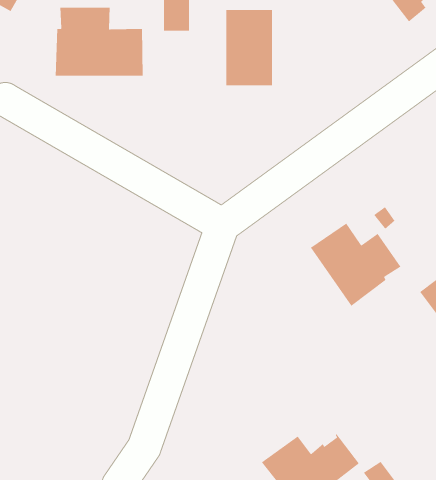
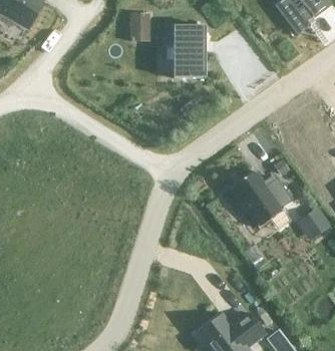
building: [55,7,143,77] -> none

